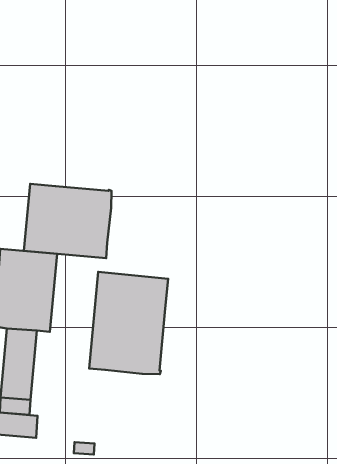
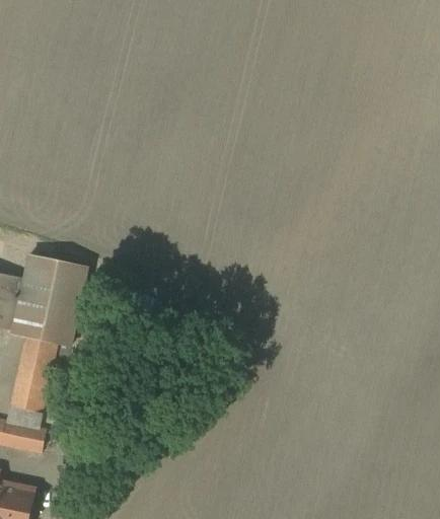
building: [24,184,112,258] -> none
building: [89,272,168,374] -> none

